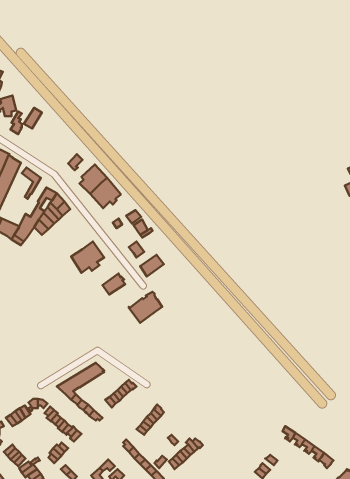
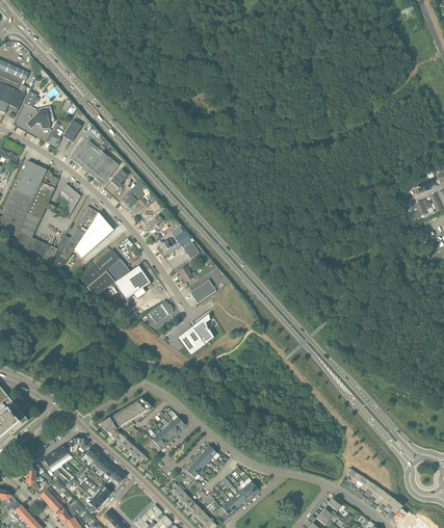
building: none -> [69,137,117,184]
building: none -> [78,248,126,295]

